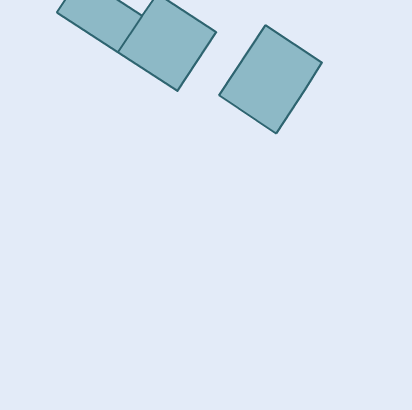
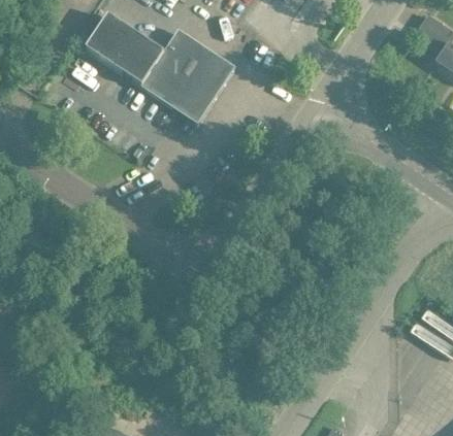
building: [219,25,322,133] -> none

